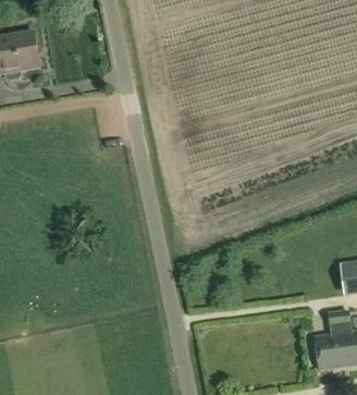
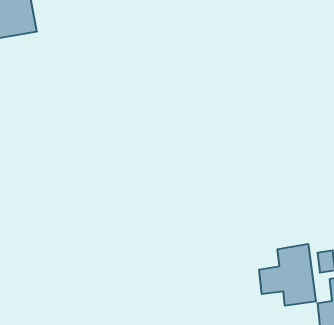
building: none -> [259,244,316,306]

